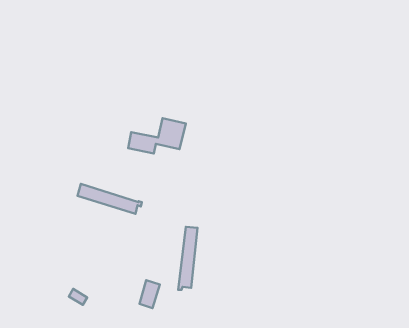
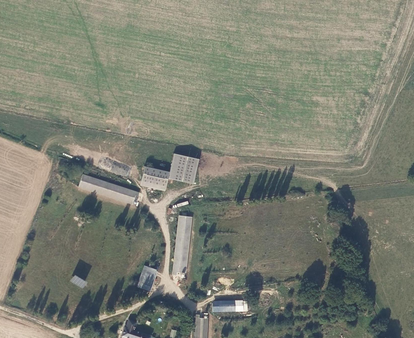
building: [128,118,186,154] -> [141,153,195,186]

